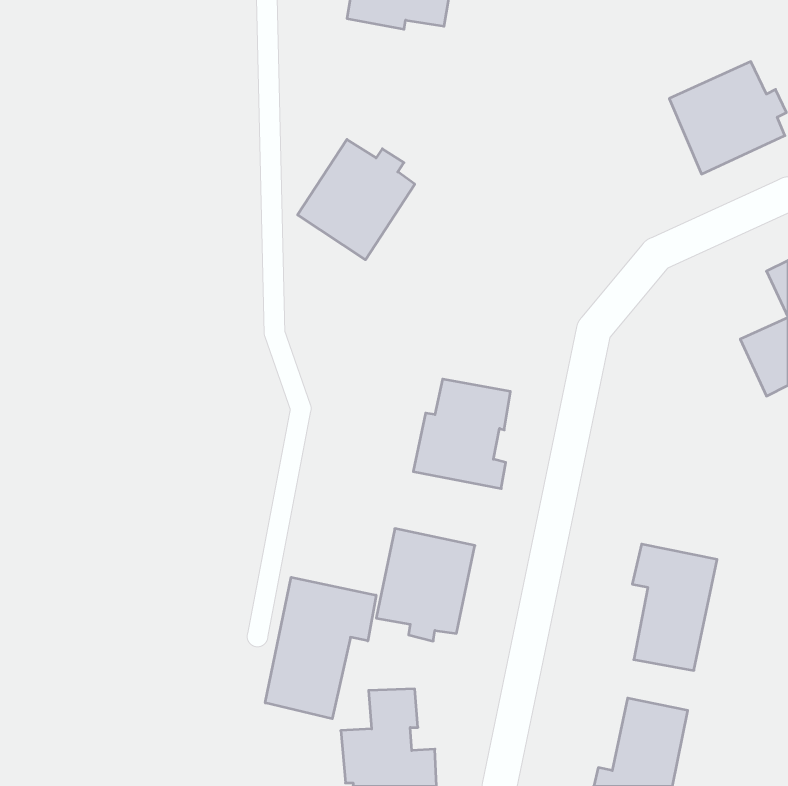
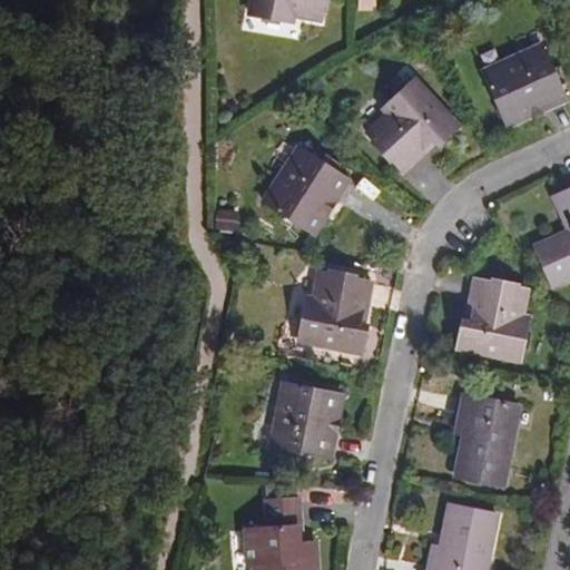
building: none -> [367,79,458,168]
building: [298,139,415,260] -> [264,147,348,234]
building: none -> [458,279,529,360]
building: [265,577,376,719] -> none

